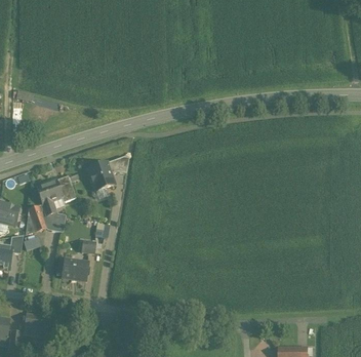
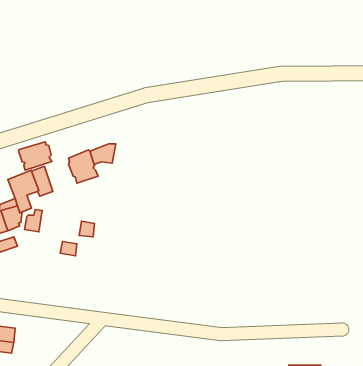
building: none -> [19,142,52,170]
building: [62,259,88,280] -> none

